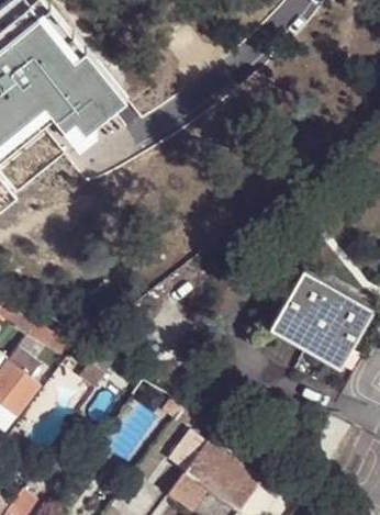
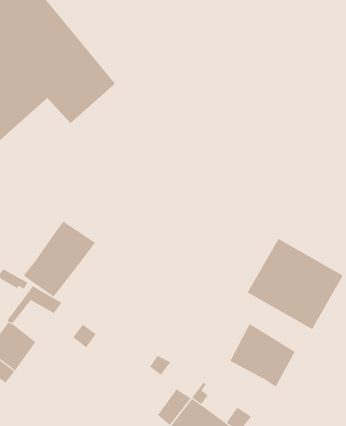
building: none -> [23,220,96,298]
building: none -> [229,323,296,387]

